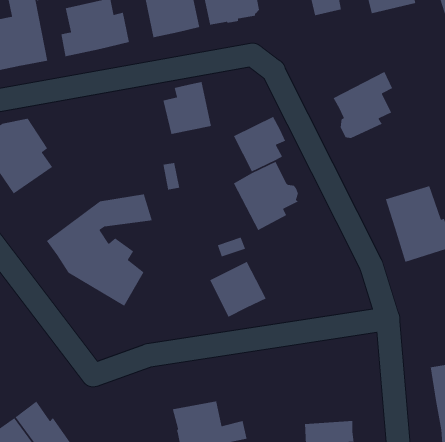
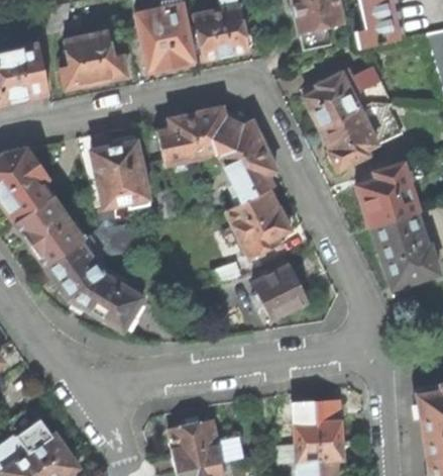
building: none -> [308,66,394,128]
building: none -> [198,107,266,165]
building: none -> [93,134,150,206]
building: none -> [356,163,420,226]
building: none -> [16,195,84,266]
building: [209,261,267,318] -> [253,264,309,318]
building: none -> [275,399,343,443]

